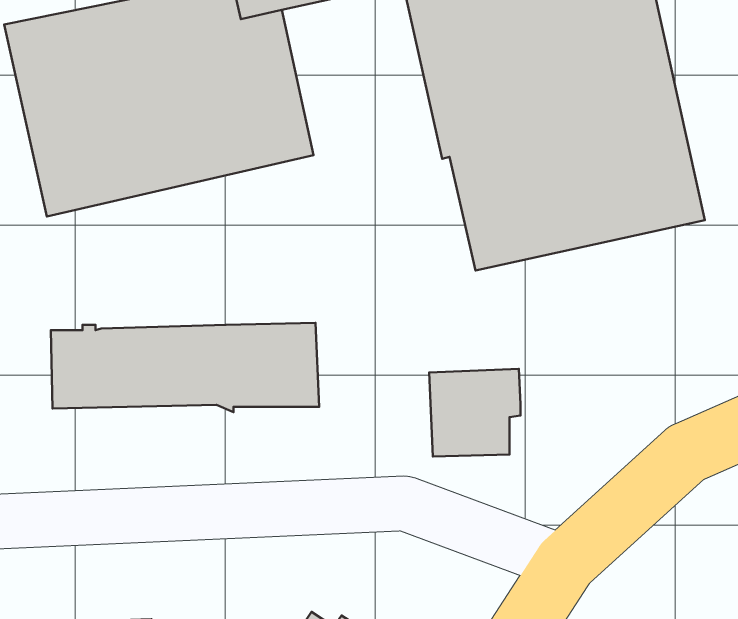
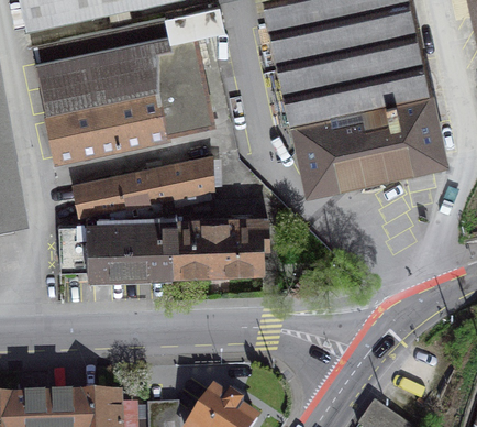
building: none -> [73,156,212,223]
building: [429,369,521,456] -> [213,218,267,270]

